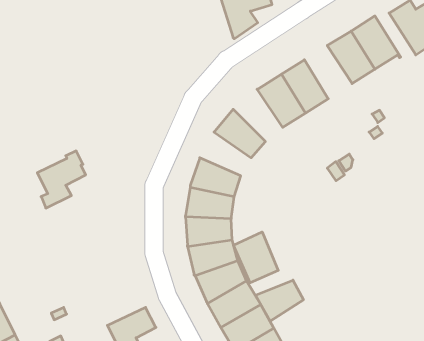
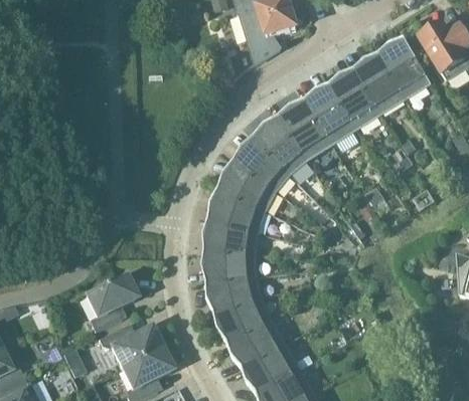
building: none -> [329,71,379,128]
building: none -> [254,118,306,173]
building: none -> [218,163,273,209]
building: [37,151,86,208] -> [85,271,136,332]
building: [234,232,278,283] -> none
building: [255,280,303,321] -> none
building: none -> [98,326,161,367]

